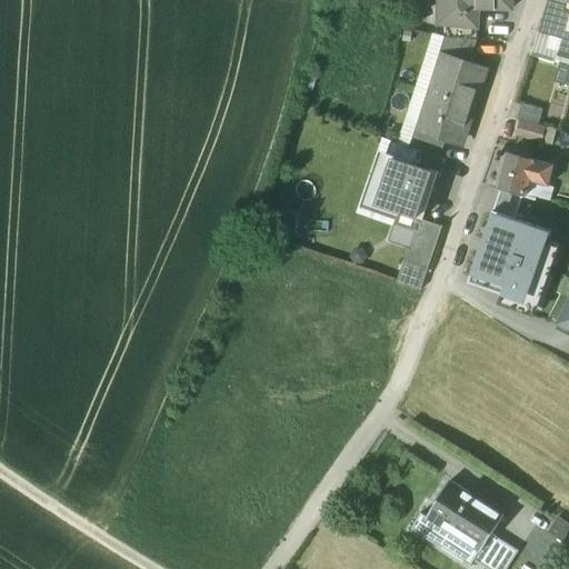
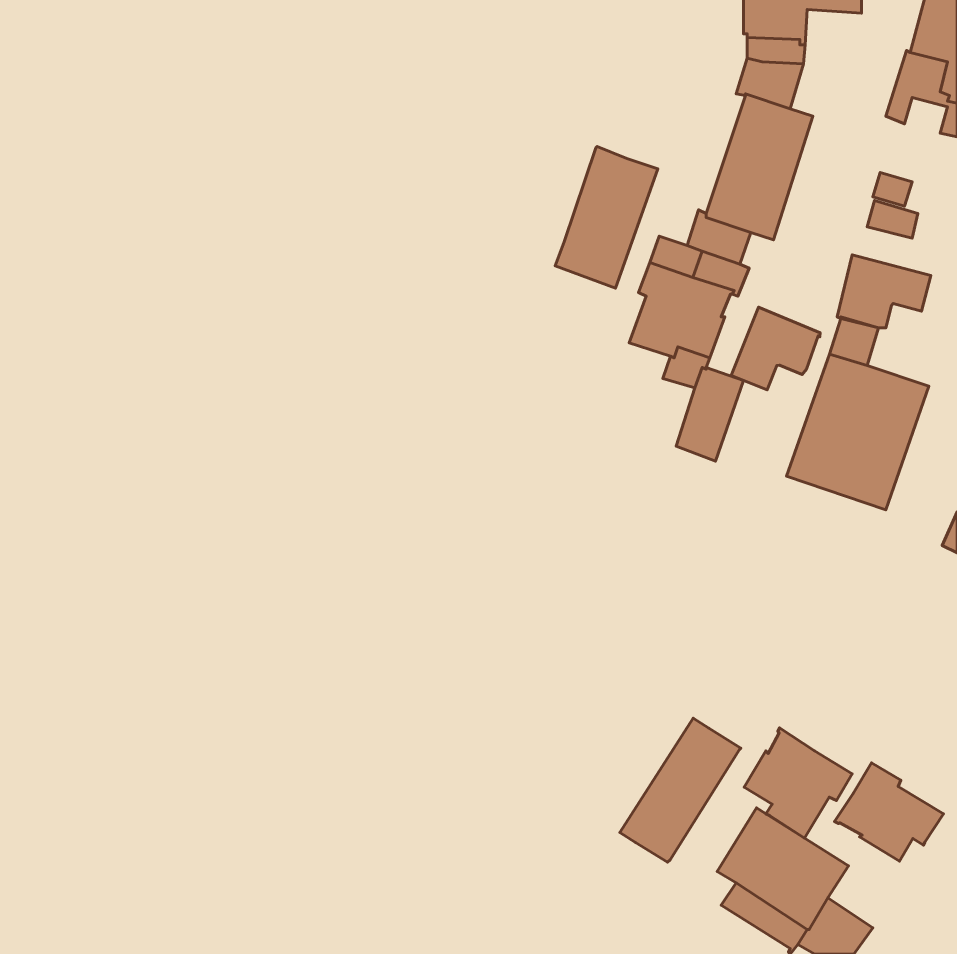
building: none -> [555,146,658,288]
building: none -> [731,307,820,390]
building: none -> [620,718,741,862]
building: none -> [744,728,852,838]
building: none -> [834,763,943,861]

